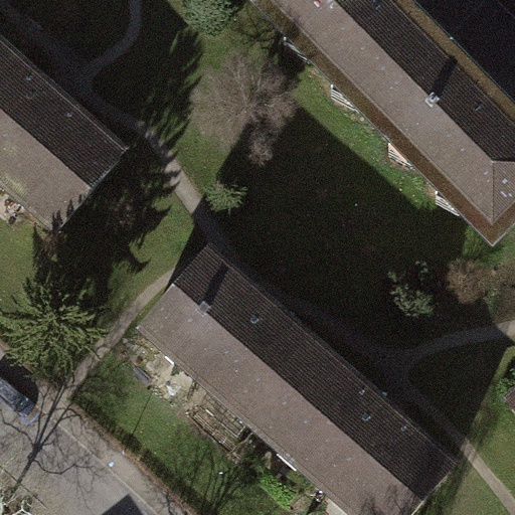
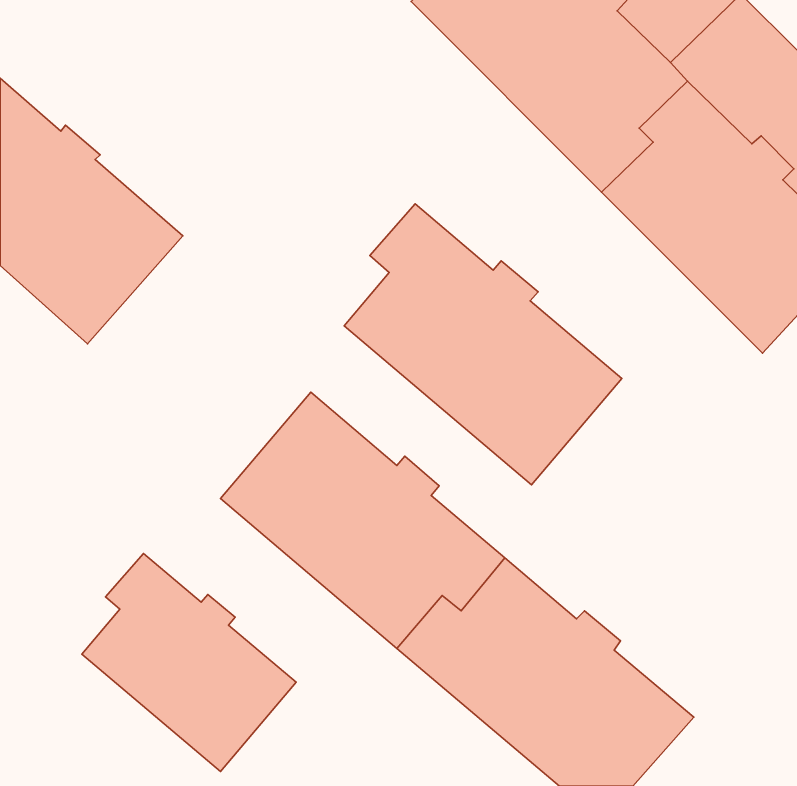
building: none -> [344,204,622,485]
building: none -> [82,553,296,772]

